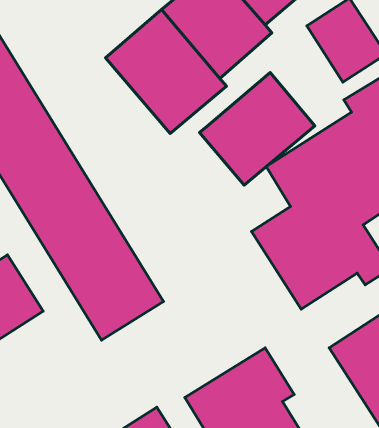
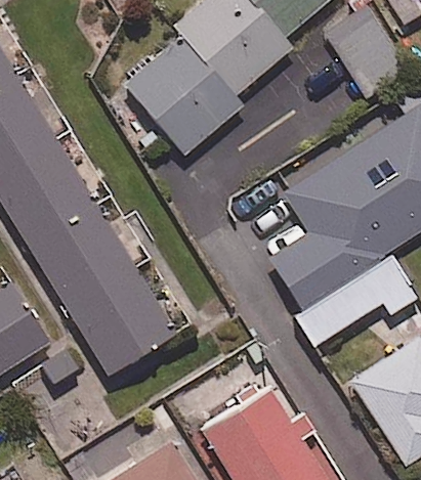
building: [199,72,315,185] -> none

